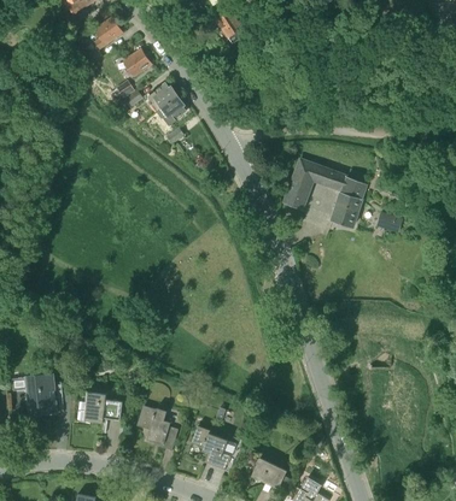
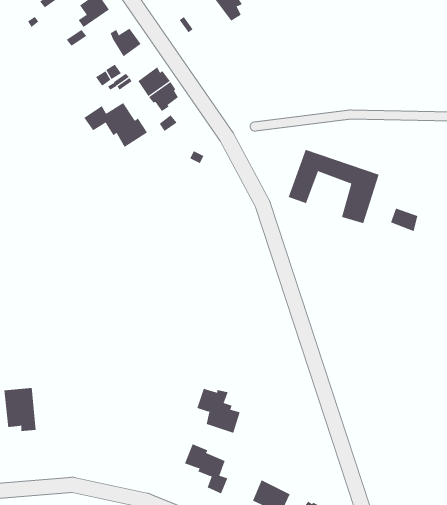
building: none -> [83,102,148,148]
building: [82,391,122,424] -> none
building: [138,407,177,448] -> [197,388,240,433]

